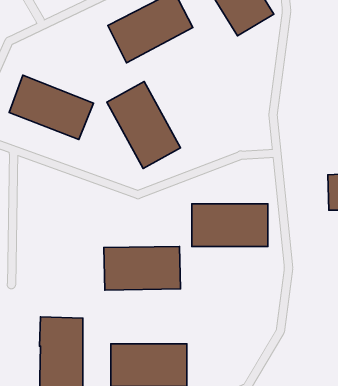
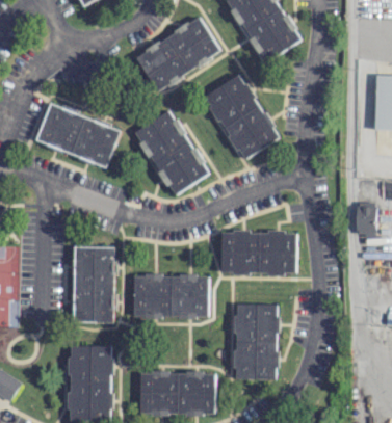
building: none -> [204,74,279,160]
building: none -> [73,246,114,322]
building: none -> [233,303,277,380]

